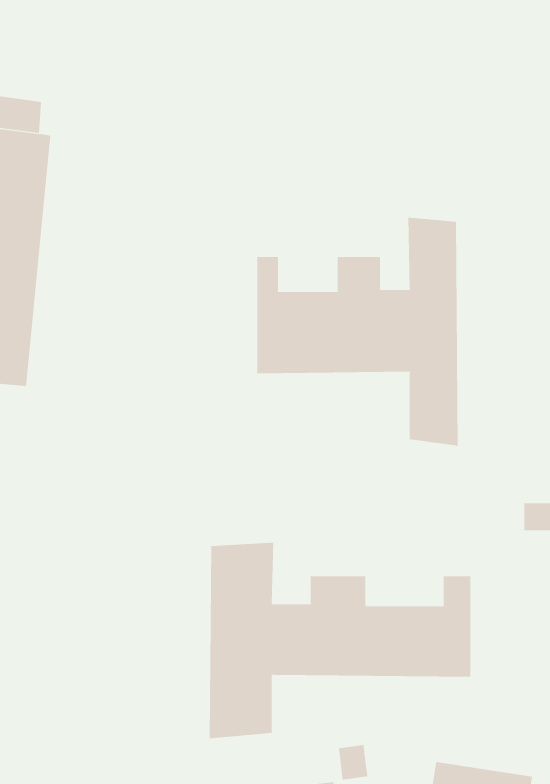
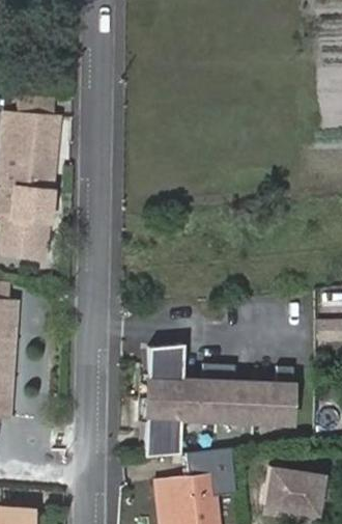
building: [257,217,458,446] -> none

